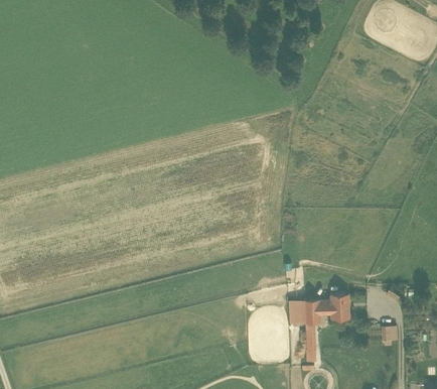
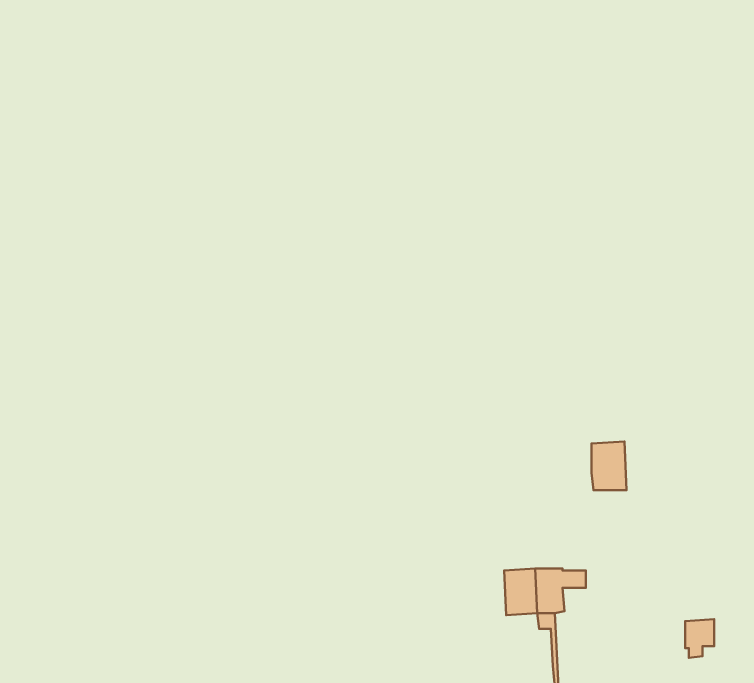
building: [330,294,348,319] -> [592,442,627,490]

